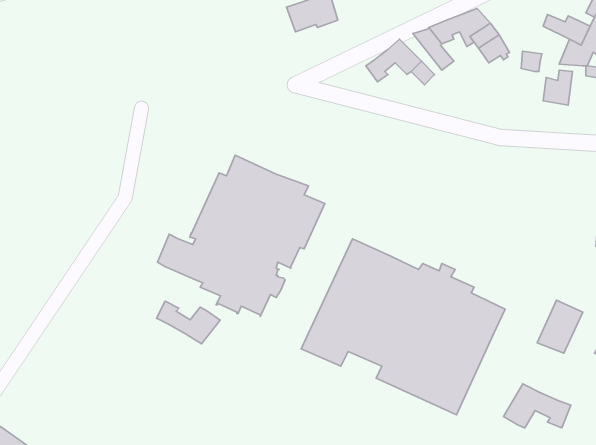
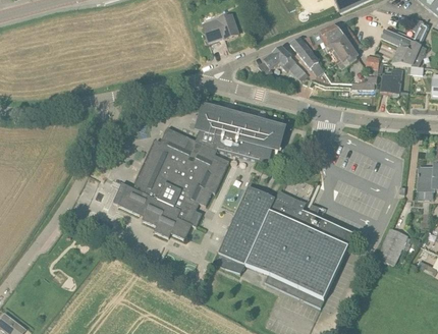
building: none -> [196,106,284,162]
building: [156,301,220,344] -> none
building: [504,384,571,428] -> none

